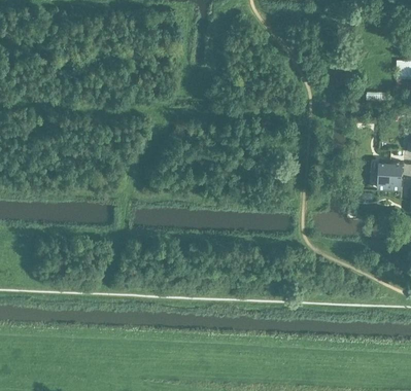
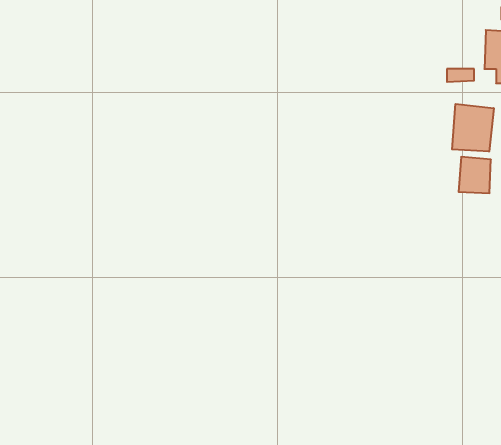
building: none -> [452,104,494,152]

